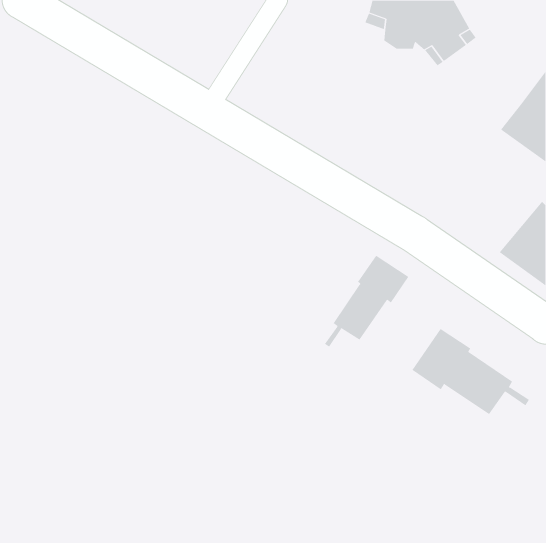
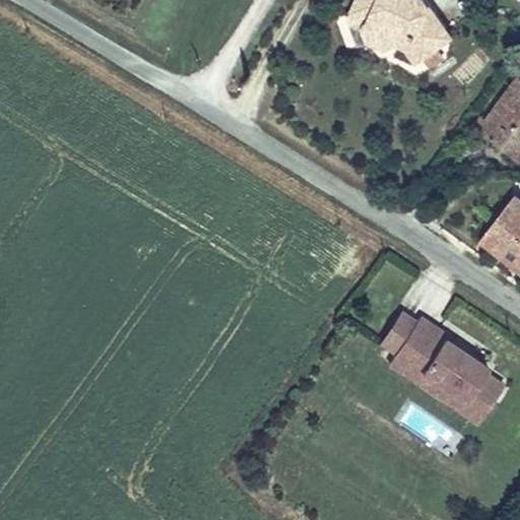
building: [324,255,409,347] -> none
building: none -> [388,354,500,419]

